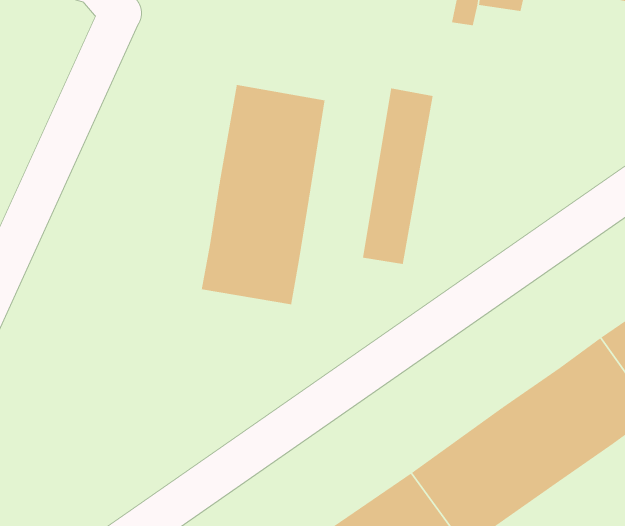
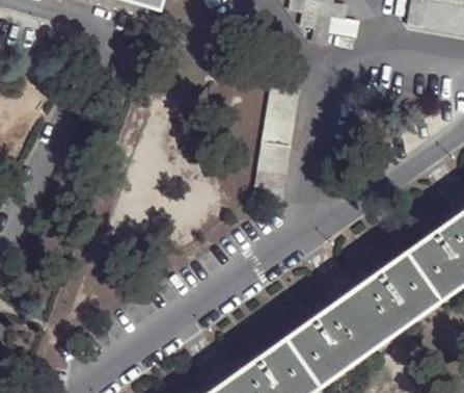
building: [201,84,325,305] -> none

